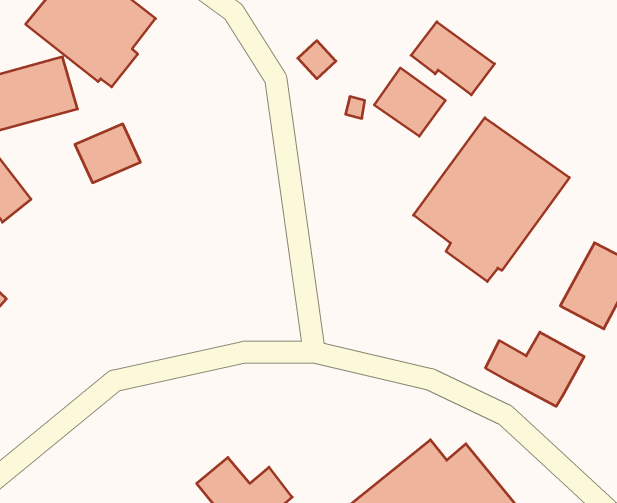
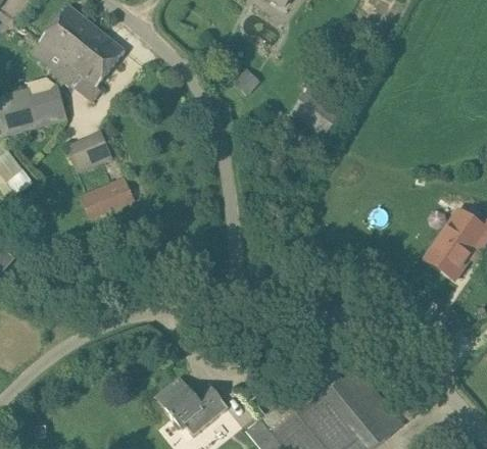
building: [411,22,495,95] -> none
building: [413,118,569,282] -> none
building: none -> [79,176,134,219]
building: [486,332,584,406] -> none

